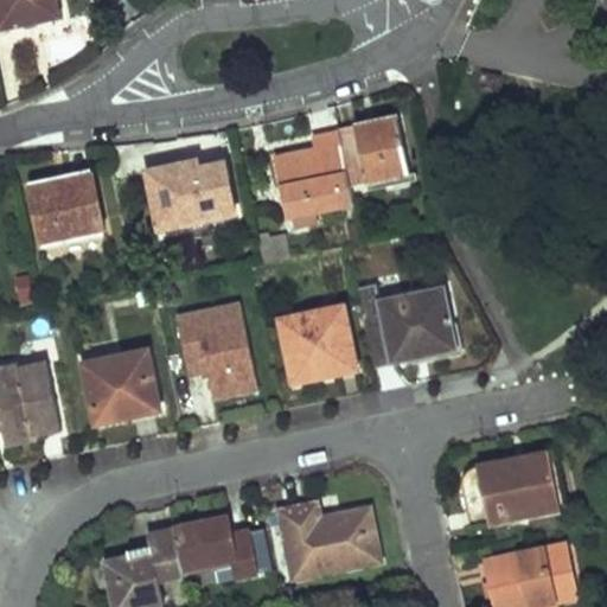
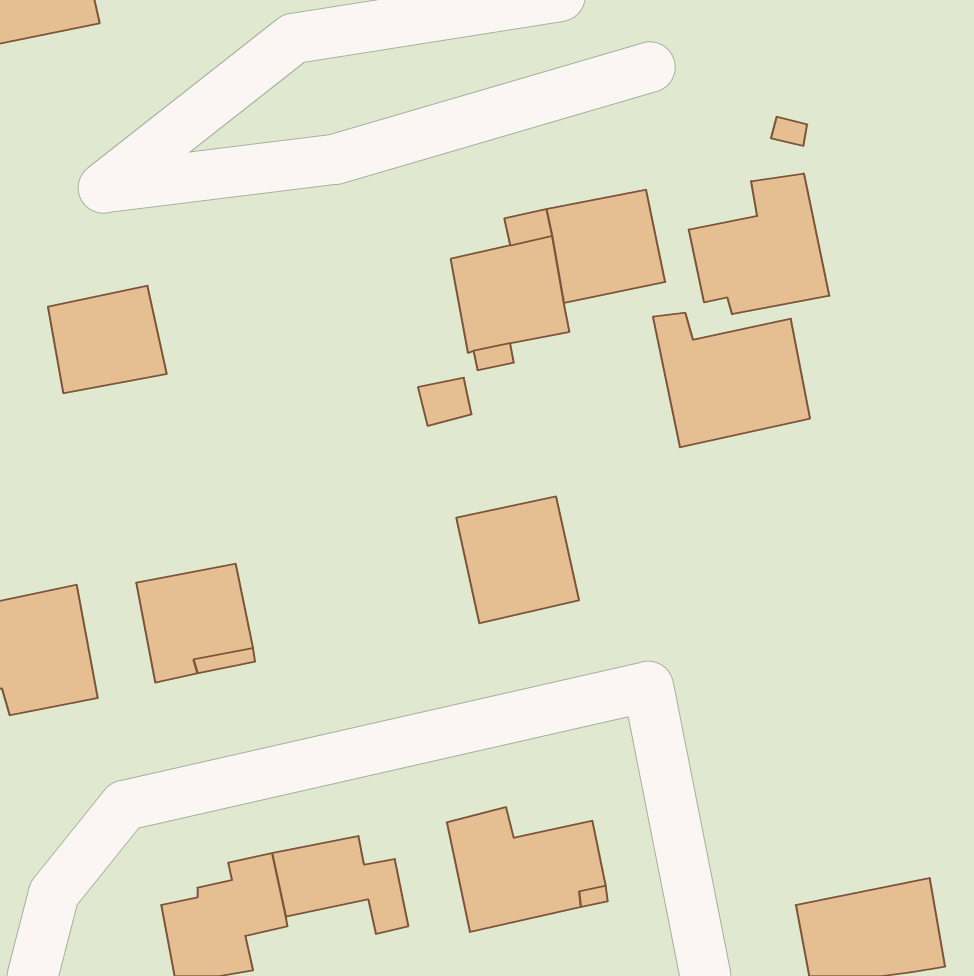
building: none -> [689,173,829,314]
building: [149,159,235,231] -> none
building: [359,286,456,369] -> [653,313,810,447]
building: [172,299,257,402] -> none
building: [459,452,555,526] -> none

